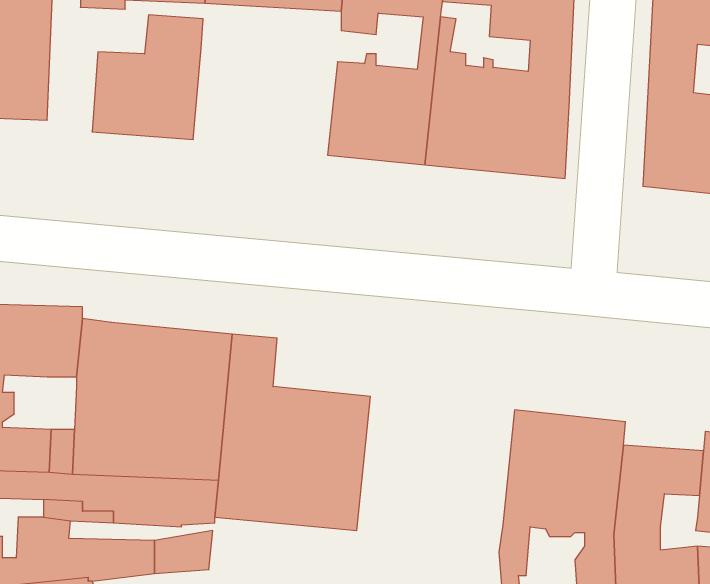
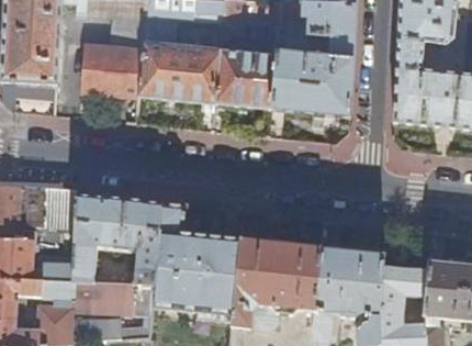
building: none -> [141,41,222,102]
building: none -> [232,238,322,330]

